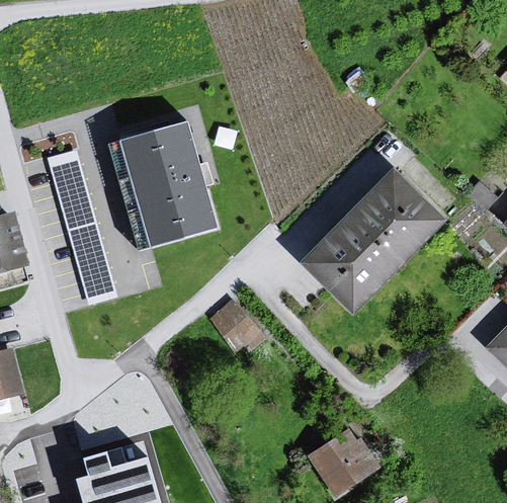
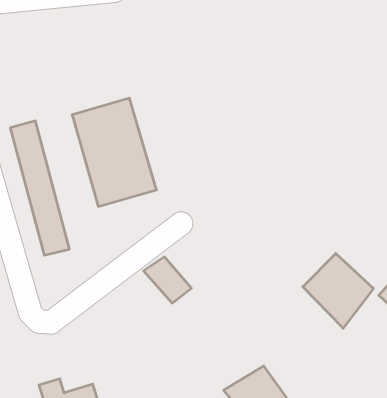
building: [286,172,433,319] -> none
building: none -> [303,253,373,328]

